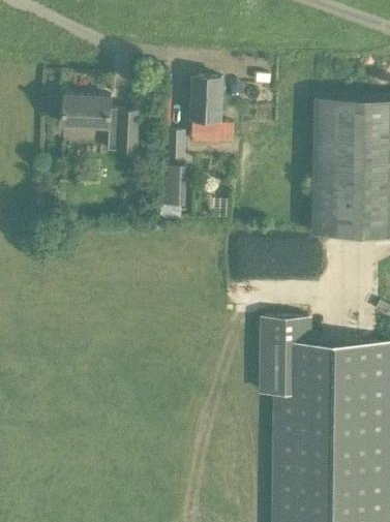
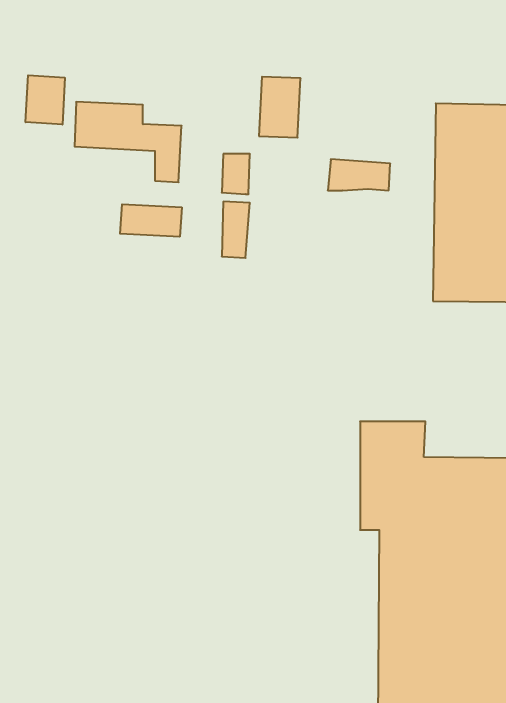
building: none -> [26,75,65,125]
building: [188,123,232,145] -> [328,159,390,190]
building: none -> [120,204,182,237]

